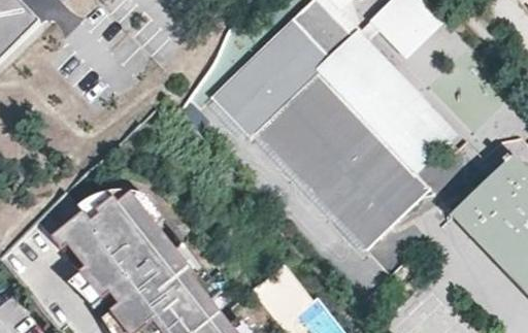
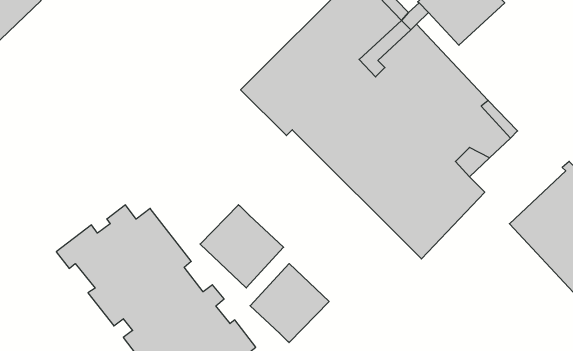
building: none -> [200,205,284,288]
building: none -> [250,264,329,343]

